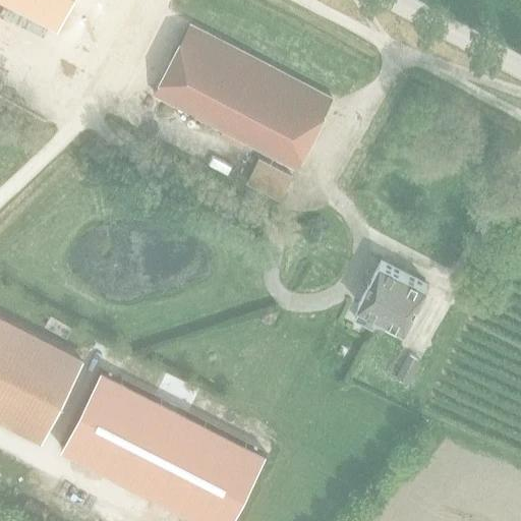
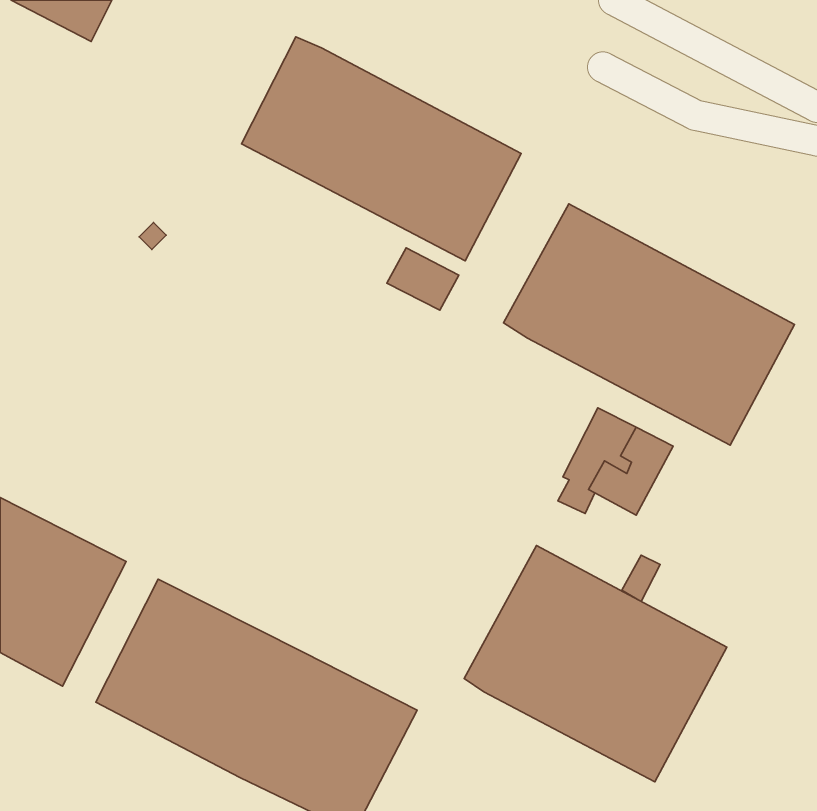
building: none -> [504,204,795,445]
building: none -> [464,545,727,782]

